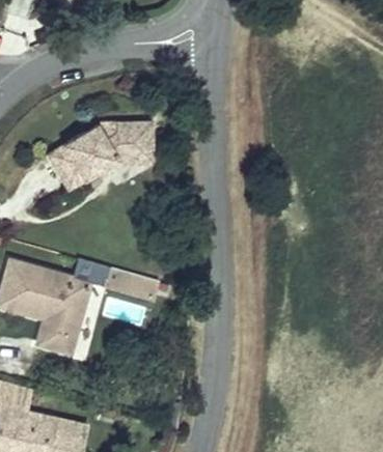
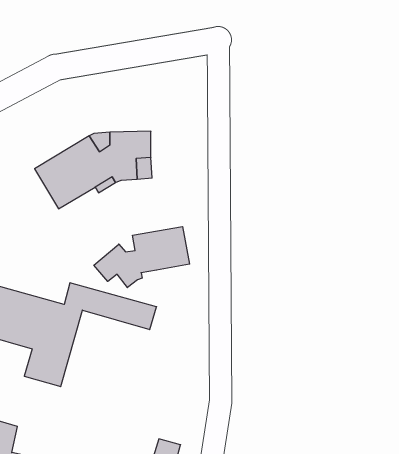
building: none -> [94,227,190,288]

